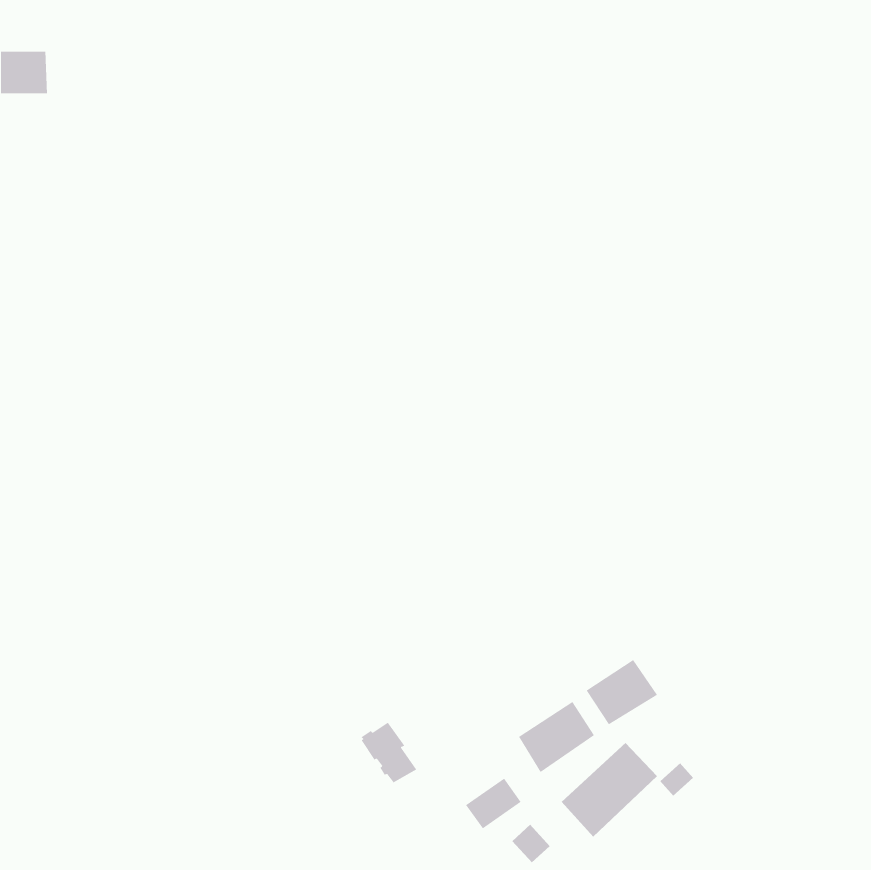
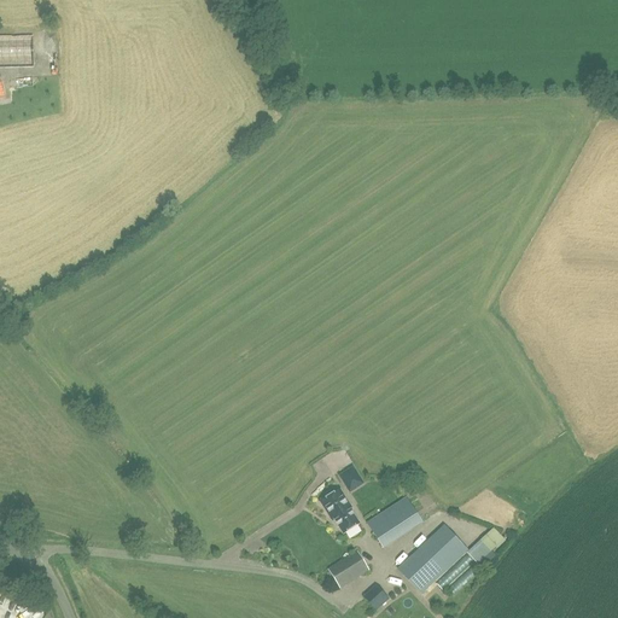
building: [586,659,658,725] -> none
building: [361,722,417,783] -> [320,489,360,532]

